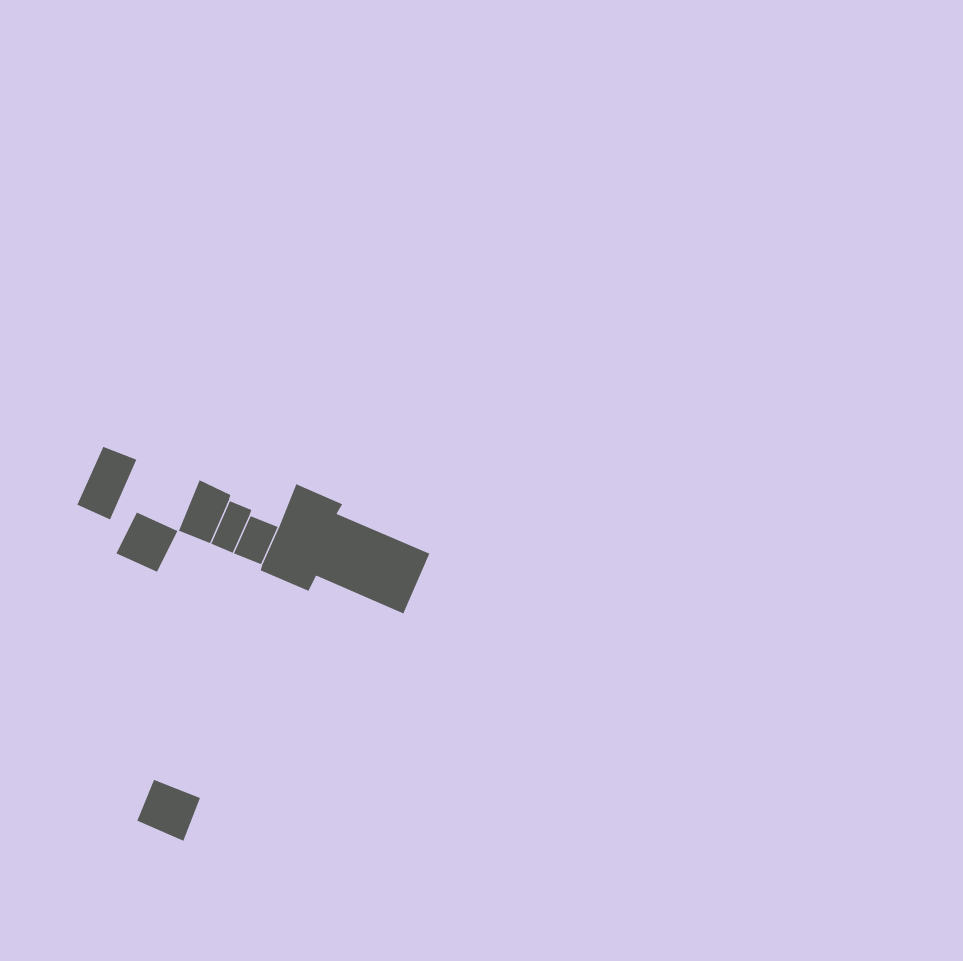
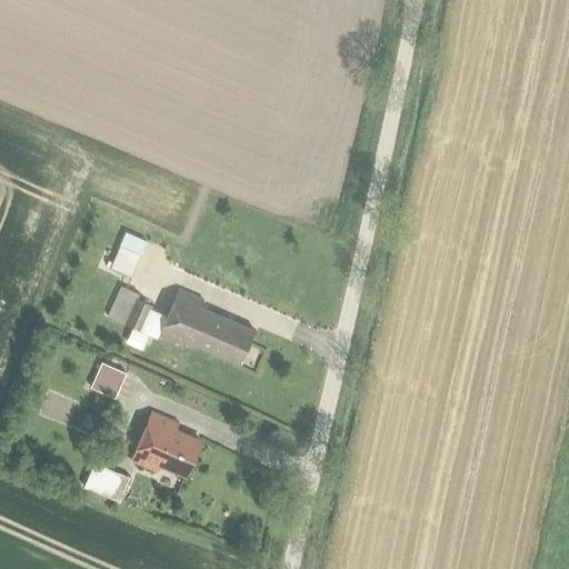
building: [76,446,137,520] -> [111,233,147,277]
building: [116,512,178,572] -> [90,362,127,398]
building: none -> [132,412,201,478]

